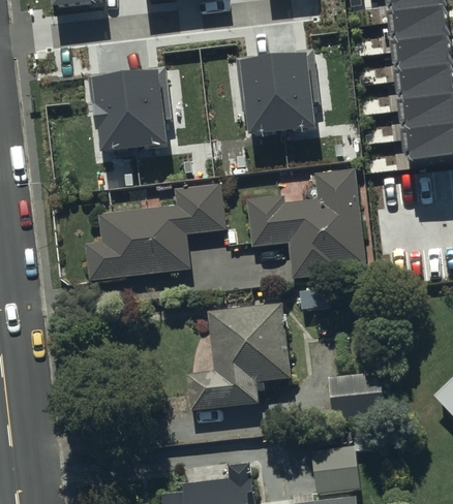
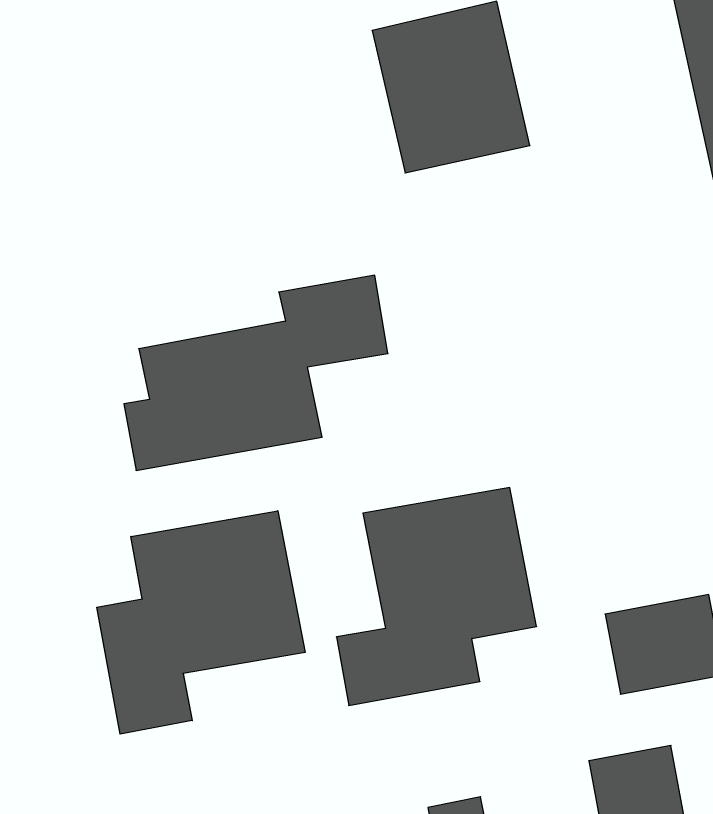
building: [89,67,165,152] -> none
building: [248,176,367,279] -> none
building: none -> [97,511,305,734]

